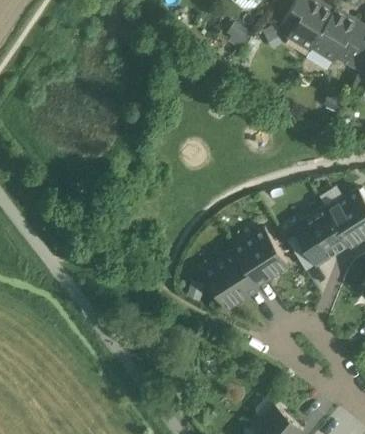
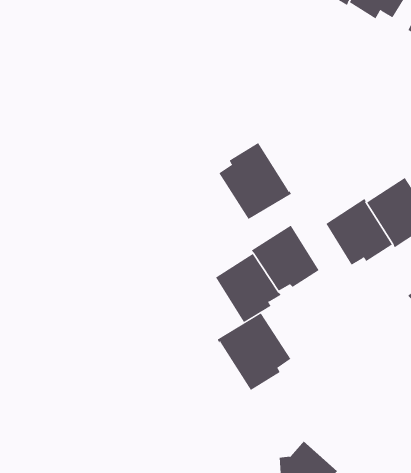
building: none -> [218,142,292,220]
building: none -> [217,312,291,391]

